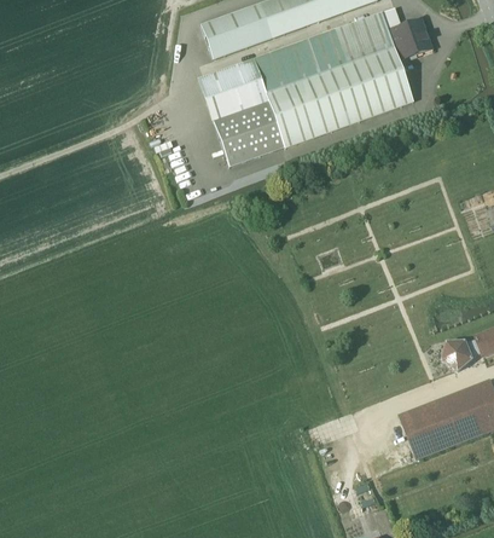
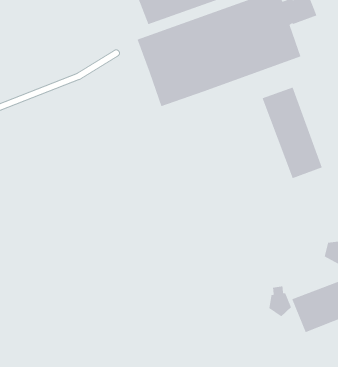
building: none -> [261,86,323,179]
building: none -> [269,285,292,317]

